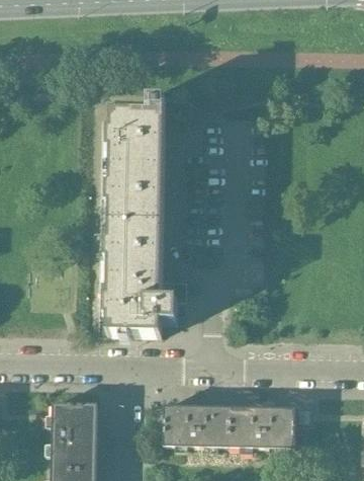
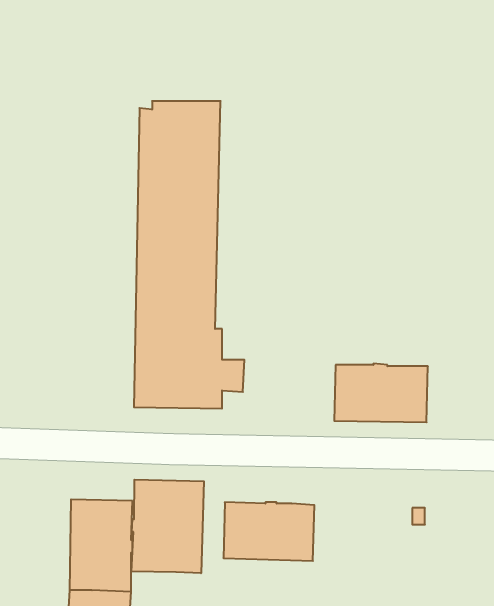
building: none -> [132,480,204,573]
building: [229,405,296,448] -> [334,364,428,422]

